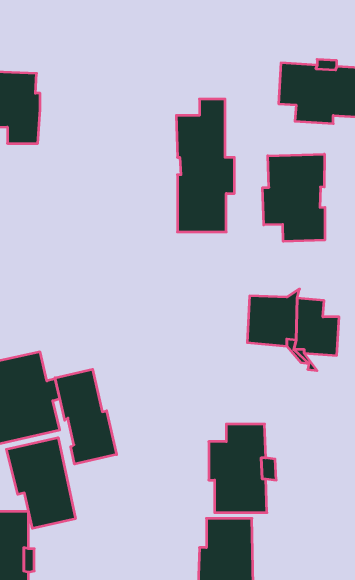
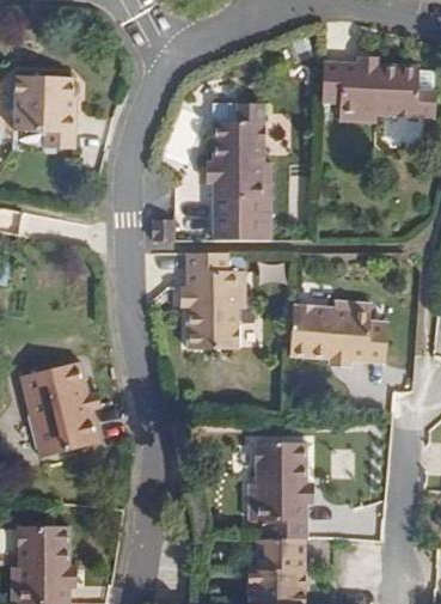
building: [263,154,325,241] -> none
building: none -> [184,248,241,347]
building: [55,369,117,464] -> none
building: [6,438,75,528] -> none

